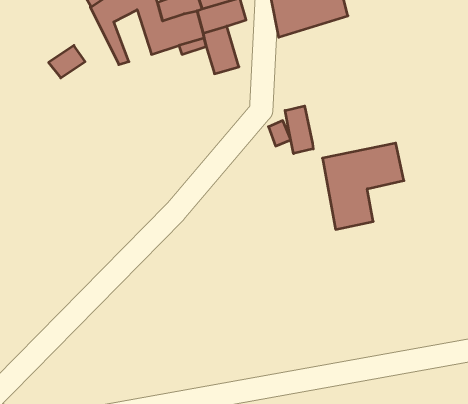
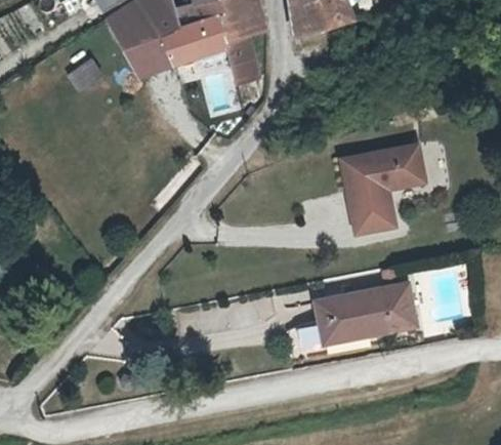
building: none -> [130,12,168,65]
building: [285,106,313,154] -> none
building: none -> [314,285,412,341]

